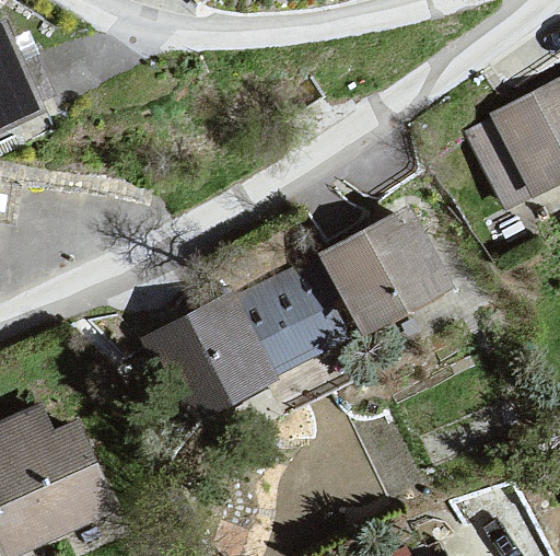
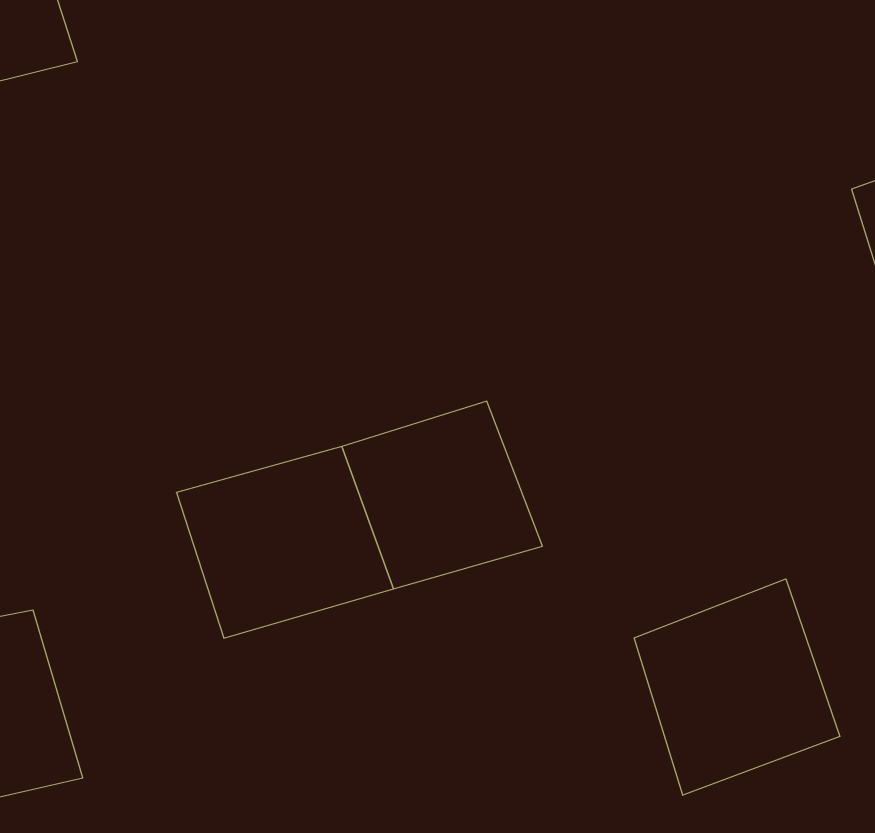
building: [319,206,457,341] -> none
building: none -> [634,579,840,795]

